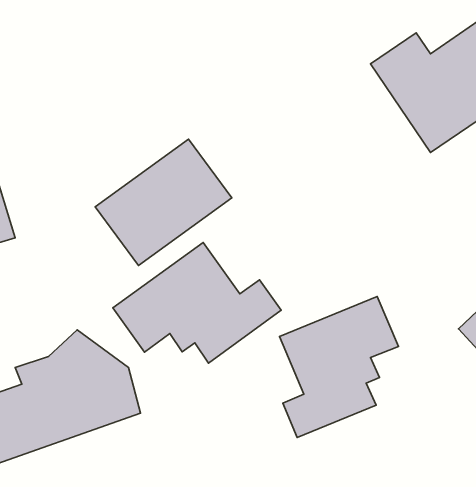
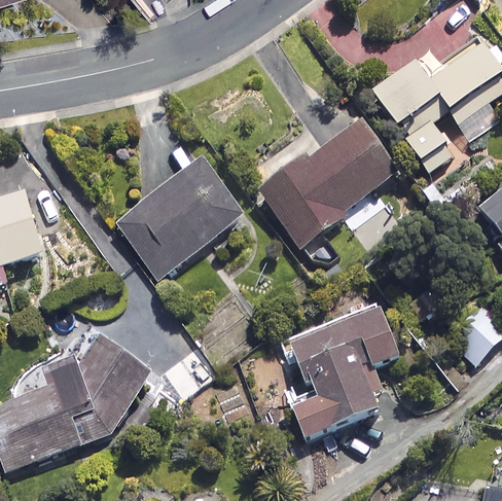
building: none -> [258,120,397,245]
building: [113,242,281,363] -> none

